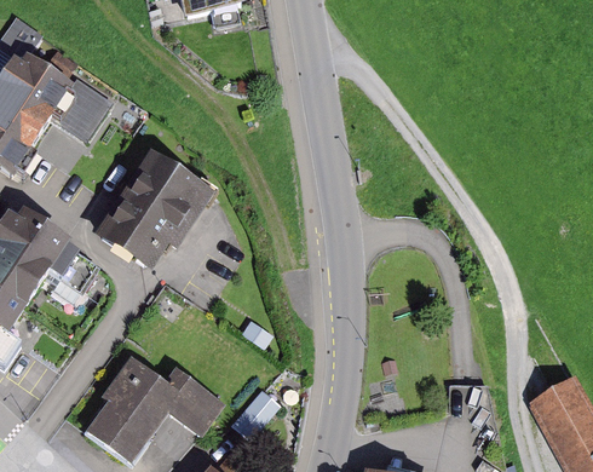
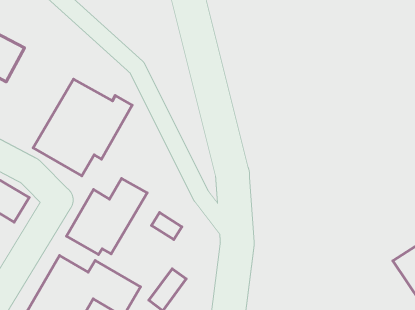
building: none -> [67,178,147,255]

